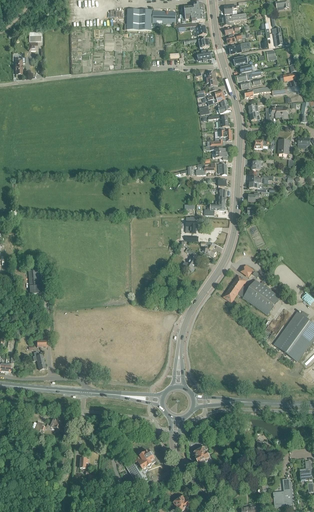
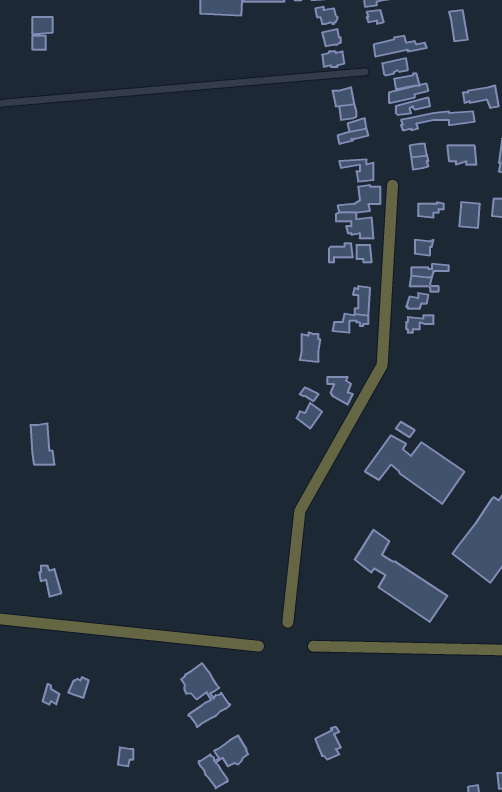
building: none -> [355,530,447,622]
building: none -> [181,663,230,727]

